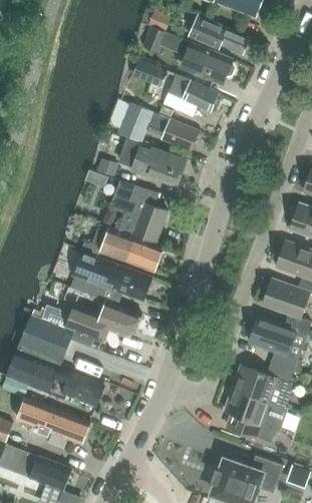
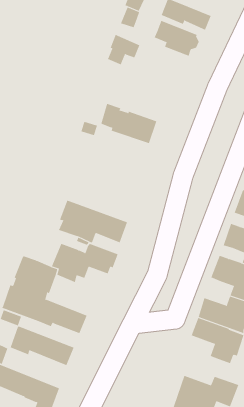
building: [168,75,219,112] -> none
building: [117,103,198,151] -> none
building: [108,181,168,241] -> none
building: [80,224,163,273] -> none

